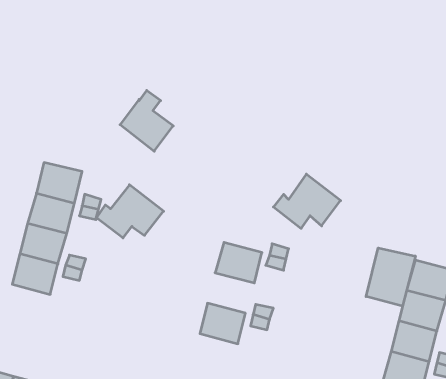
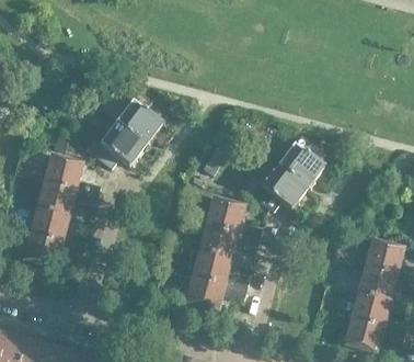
building: none -> [278,134,324,186]
building: [96,185,164,238] -> [89,121,147,167]
building: none -> [207,196,246,231]
building: [366,248,415,306] -> none
building: none -> [193,249,233,284]

